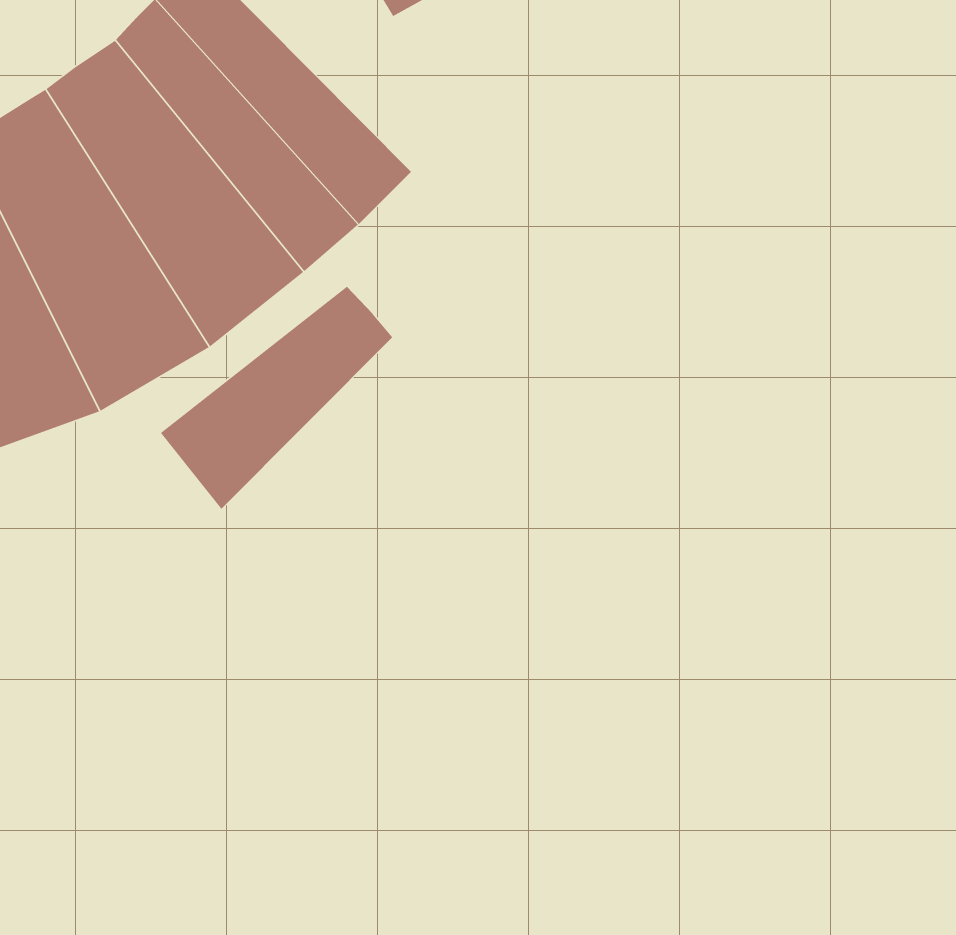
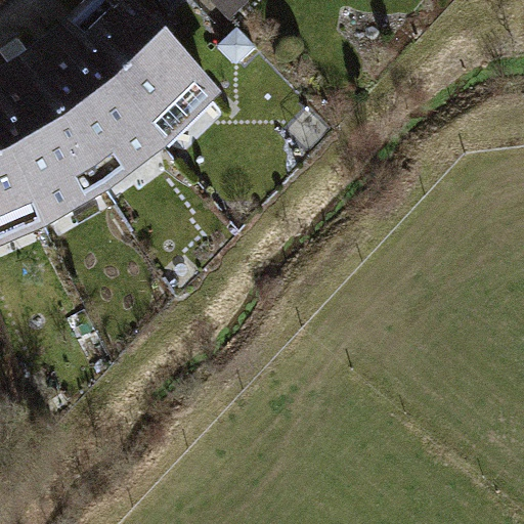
building: [160,286,393,510] -> none

